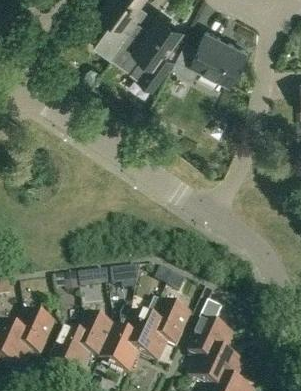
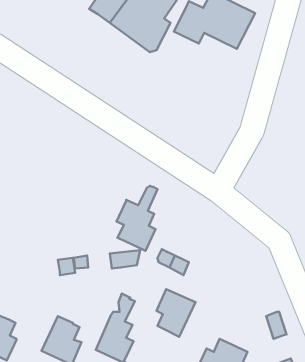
building: [127,300,165,360] -> [116,186,158,251]
building: [189,302,230,361] -> none
building: [20,311,56,356] -> none
building: [79,315,114,359] -> none

